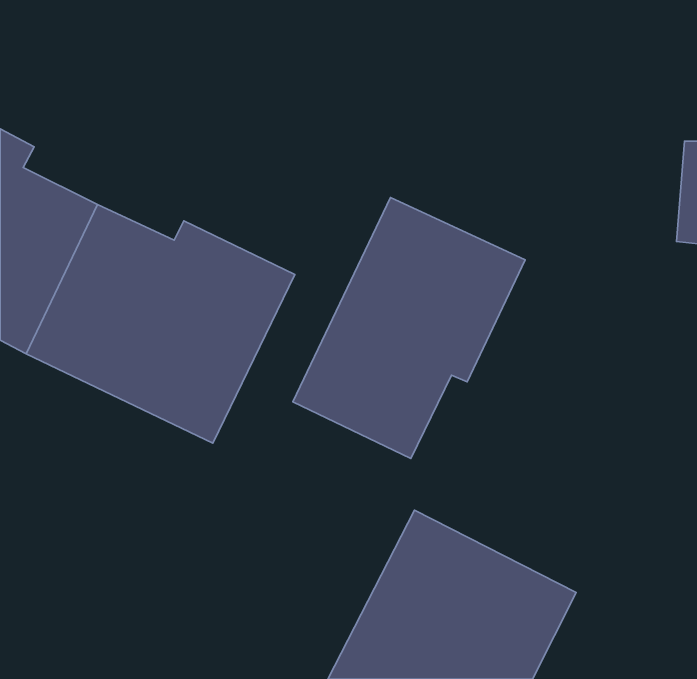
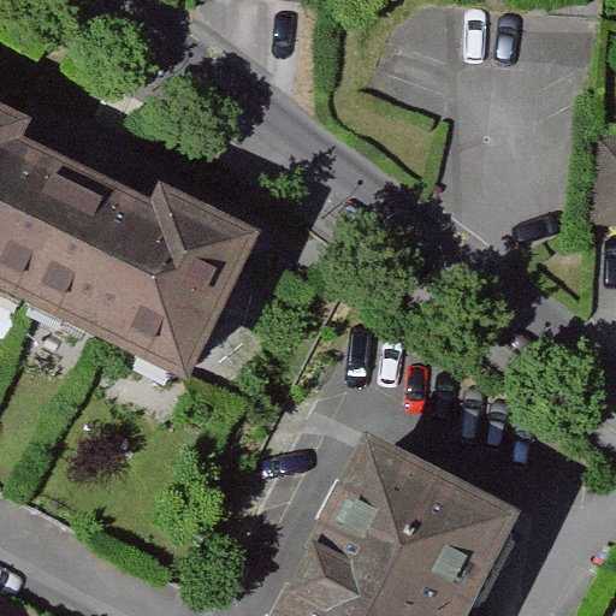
building: [293,198,525,458] -> none

